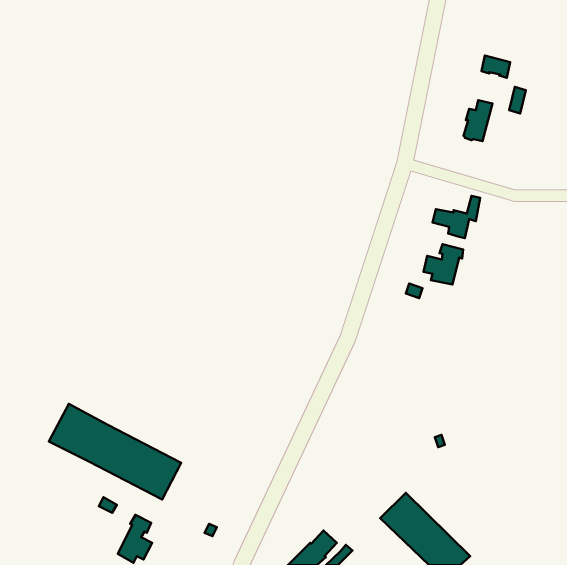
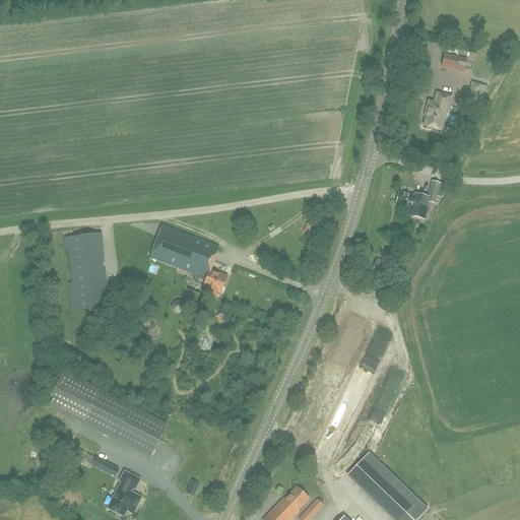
building: [424,244,463,285] -> none
building: none -> [149,223,226,294]
building: none -> [69,234,99,309]

